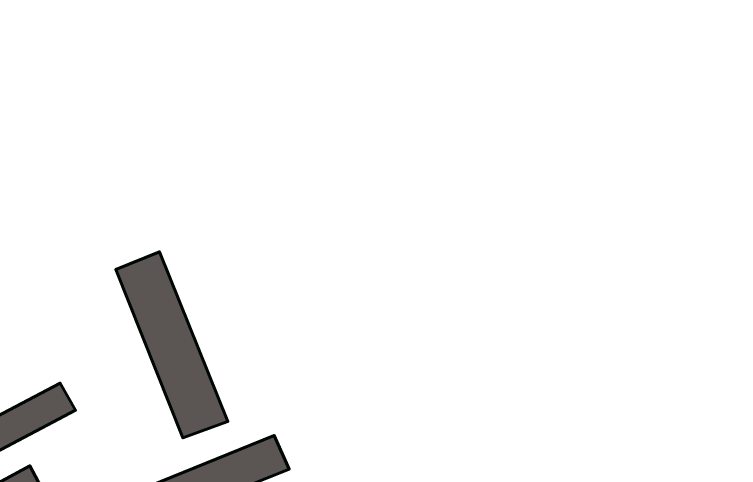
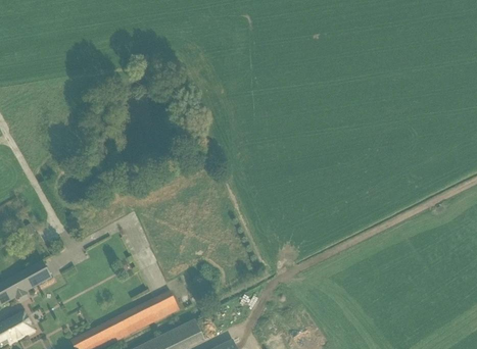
building: [116,252,228,438] -> none

